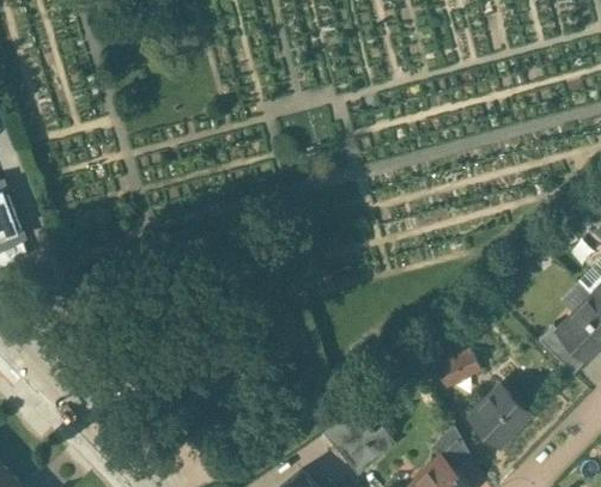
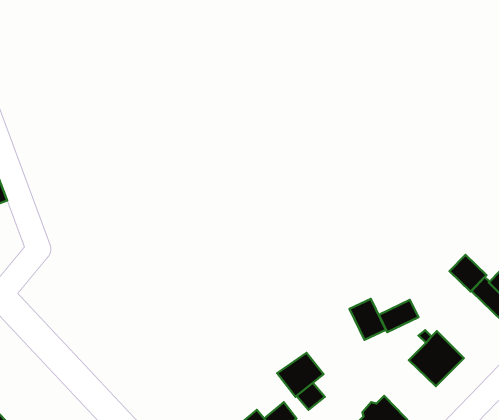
building: none -> [450,255,487,291]
building: none -> [350,299,386,340]
building: [429,427,471,471] -> none

